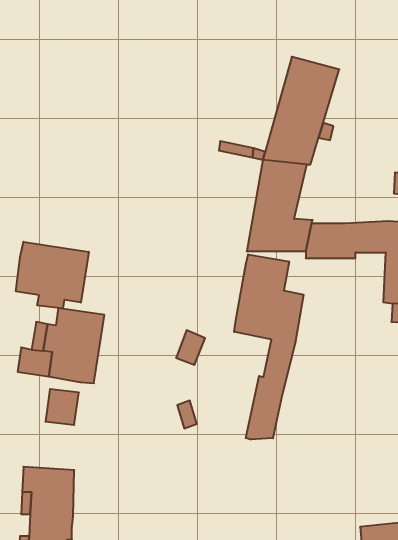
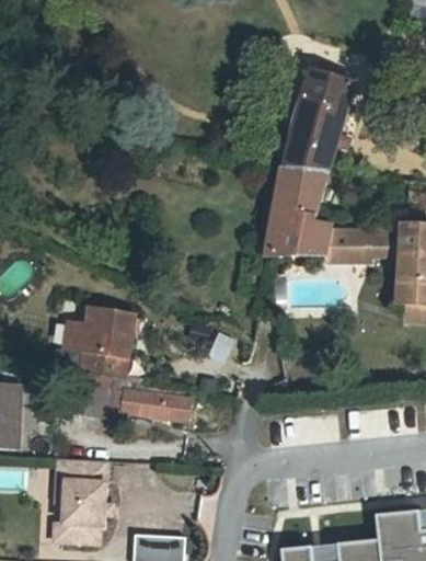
building: [16,242,89,309] -> none
building: [234,254,304,440] -> none
building: none -> [120,389,188,420]

